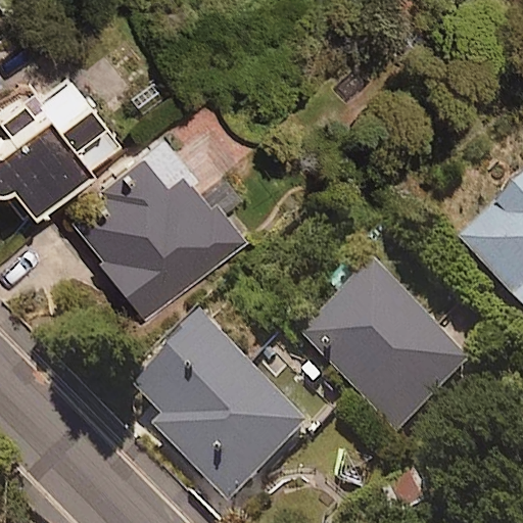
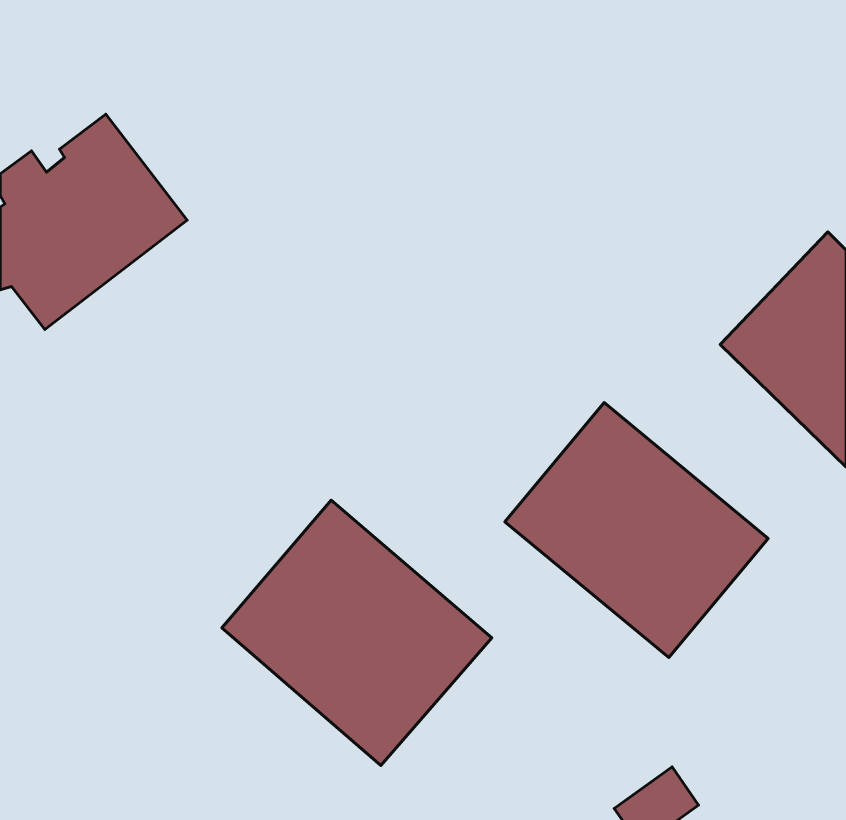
building: [59,149,243,334] -> none

